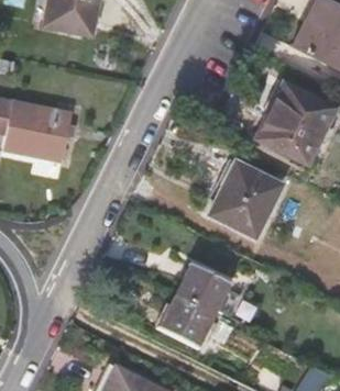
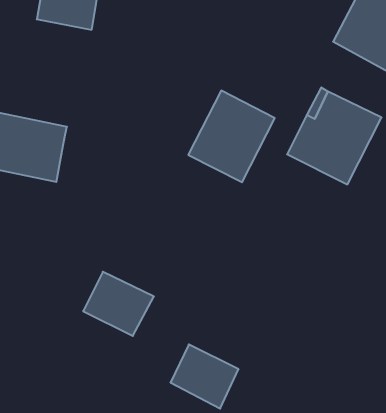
building: [210,160,283,237] -> [188,91,275,182]
building: [174,262,233,316] -> [83,272,154,336]

